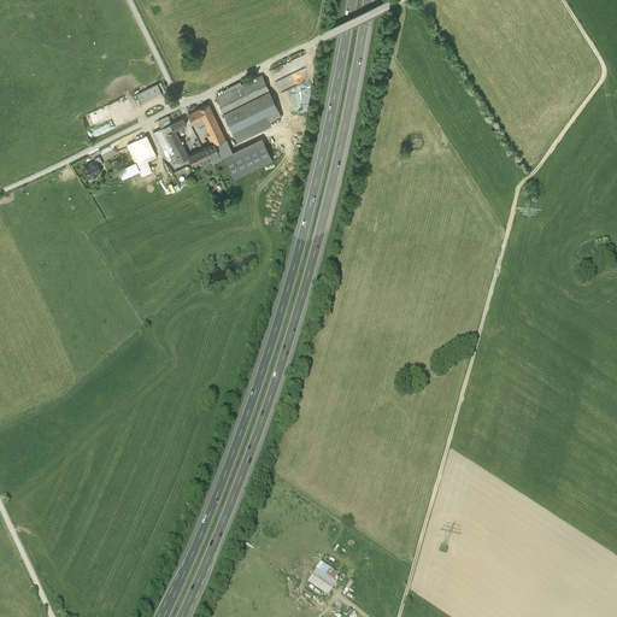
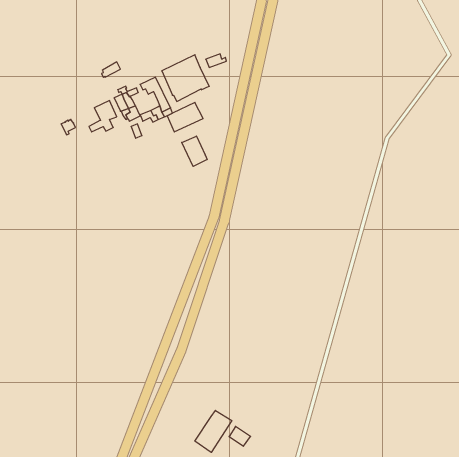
building: none -> [182,136,207,166]
building: none -> [195,410,232,452]

